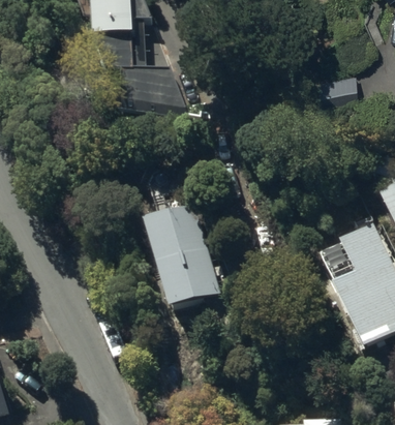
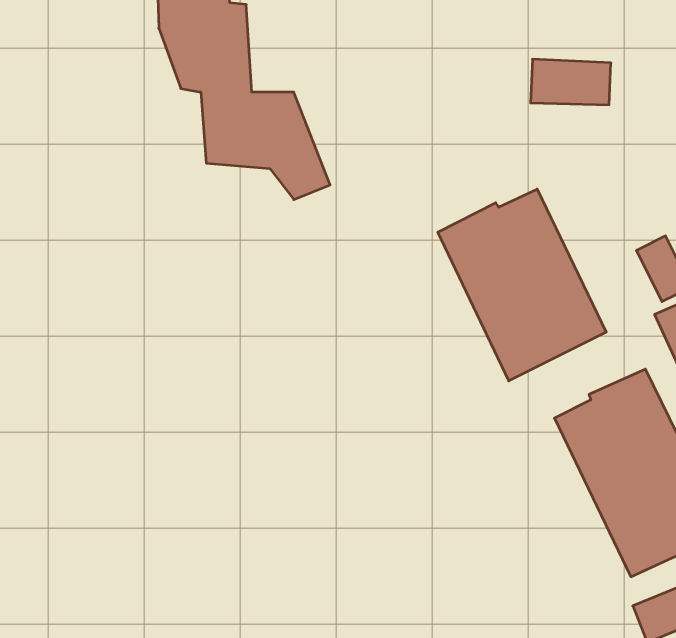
building: none -> [438,189,606,381]
building: [143,172,218,303] -> none

